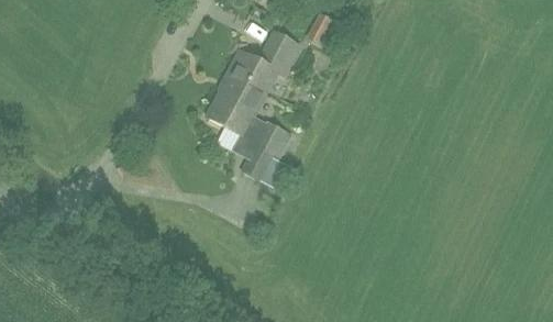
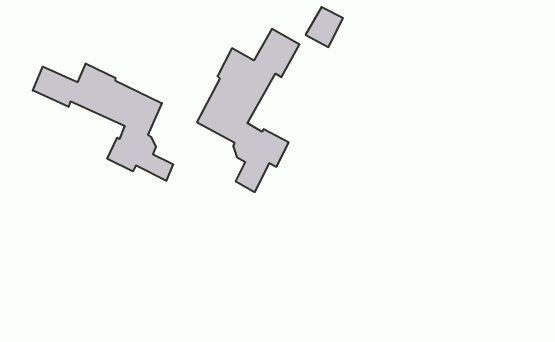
building: none -> [33,63,173,181]

